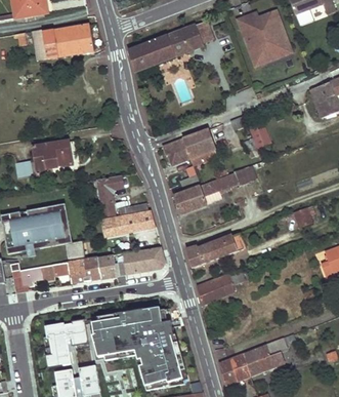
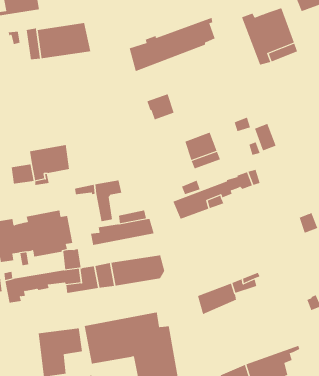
building: [163,138,189,164] -> [147,94,174,120]
building: [184,233,242,267] -> none

